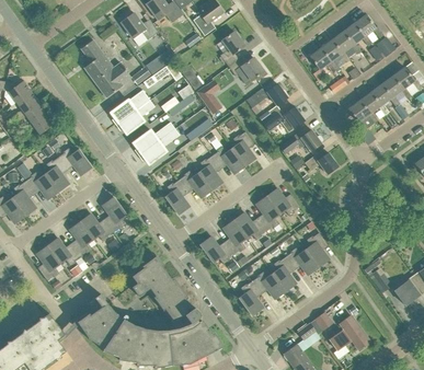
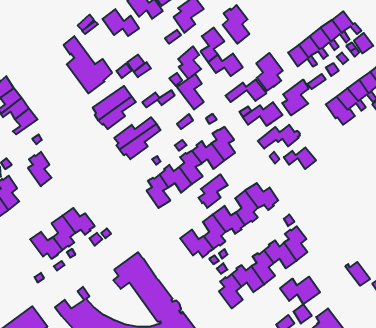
building: none -> [223,5,249,44]
building: none -> [178,46,201,79]
building: none -> [256,53,283,91]
building: none -> [282,80,309,115]
building: [58,148,91,175] -> none
building: [25,172,58,199] -> none
building: none -> [198,174,228,208]
building: [102,197,126,232] -> none
building: [36,245,60,280] -> none
building: none -> [280,277,320,304]

